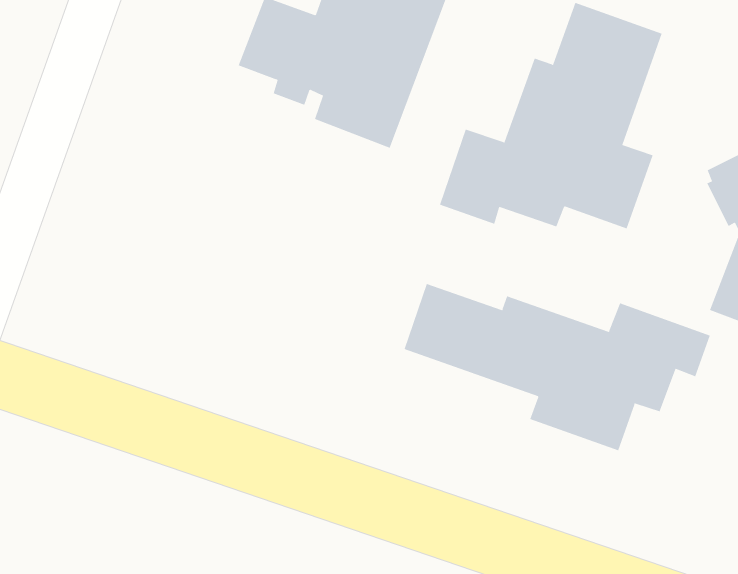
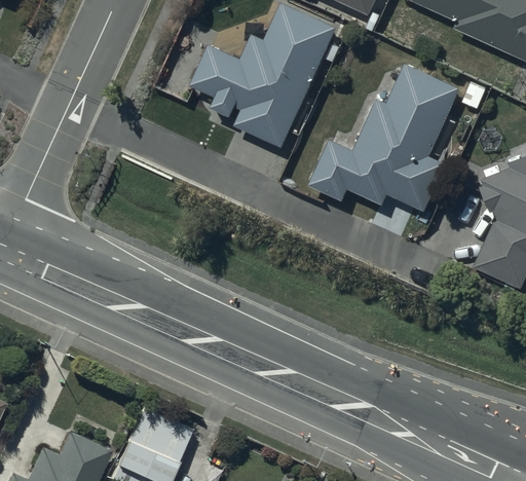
building: [404,283,710,451] -> none

